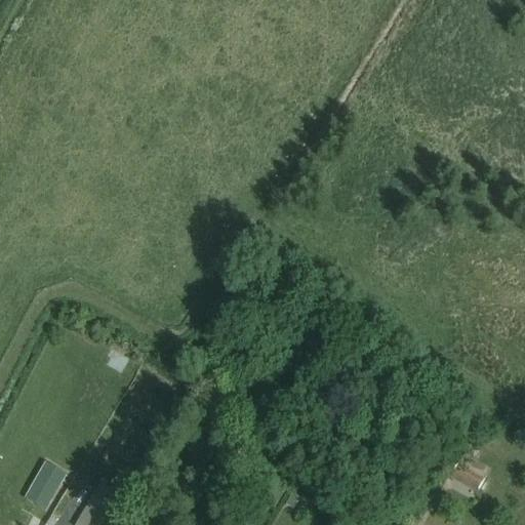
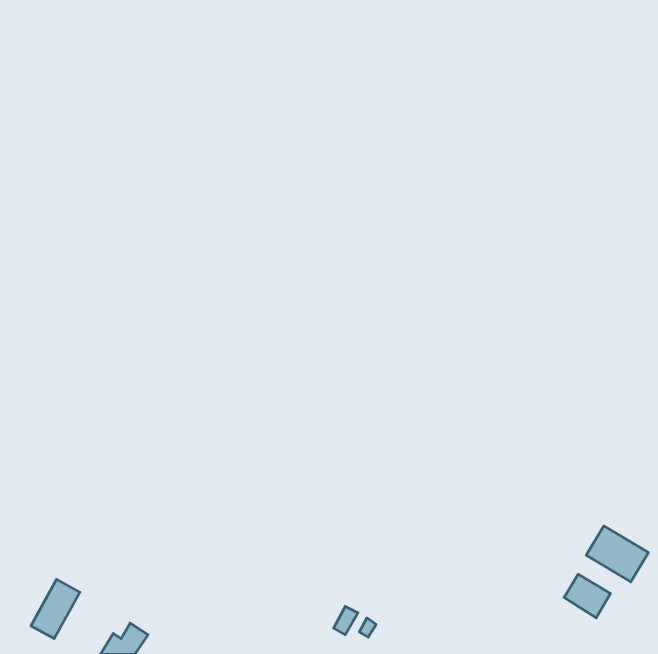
building: none -> [586,526,648,582]

